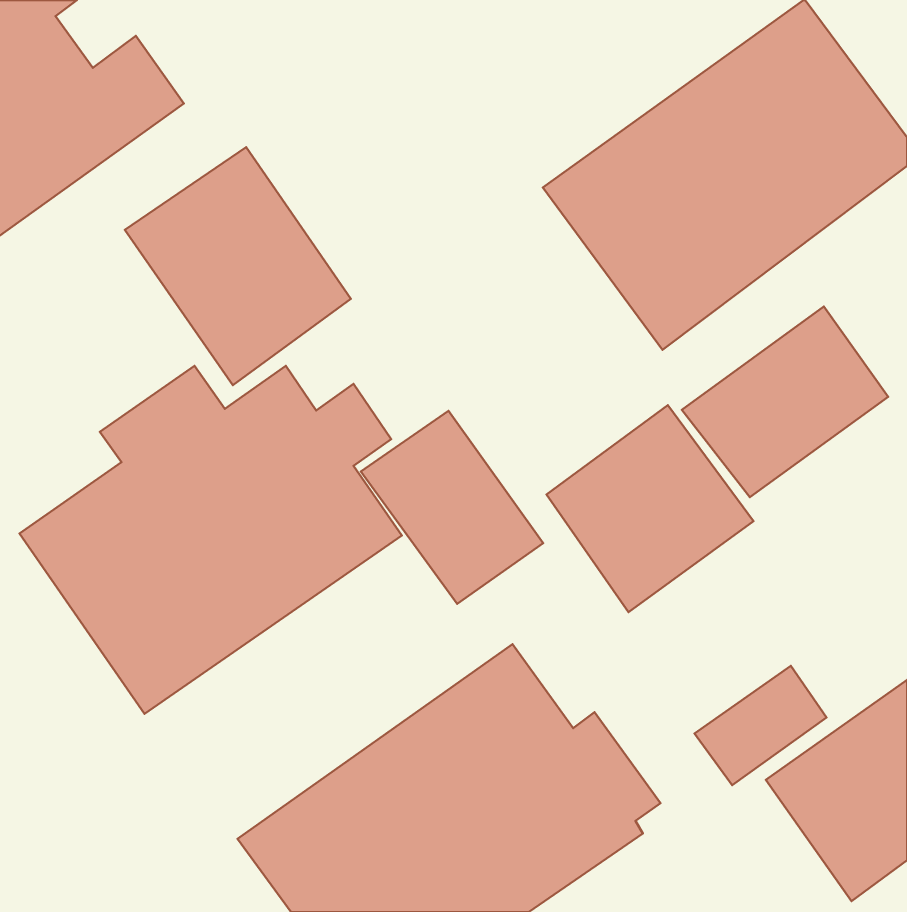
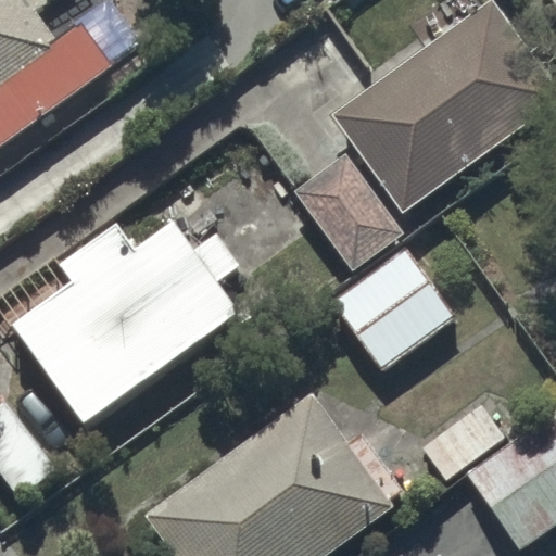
building: [125,147,351,385] -> none
building: [682,307,888,497] -> none
building: [361,411,543,604] -> [293,154,404,271]

